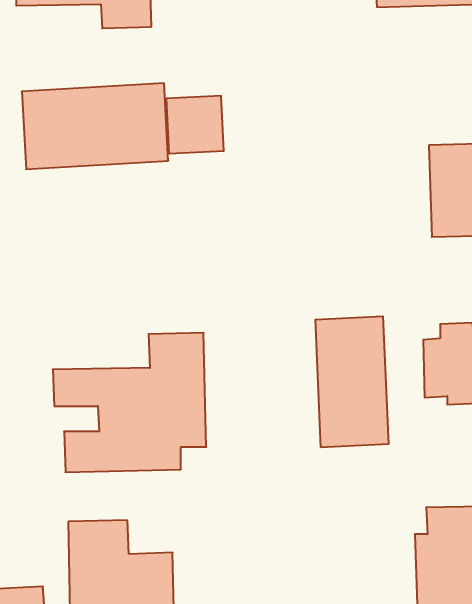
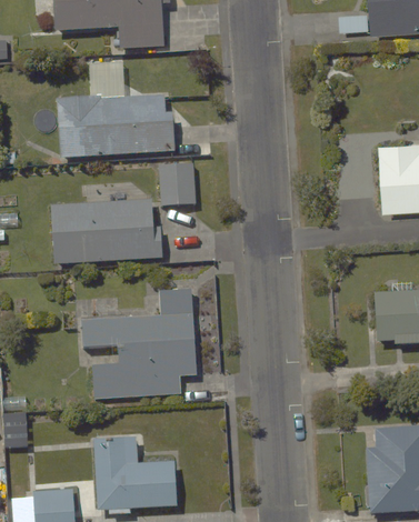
building: [166,96,224,154] -> [156,161,201,207]
building: none -> [51,198,156,265]
building: [315,316,389,447] -> none

